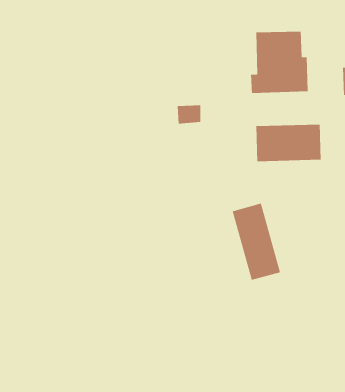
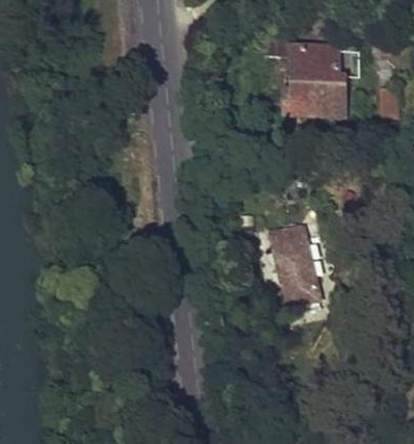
building: [256,124,321,162] -> none

